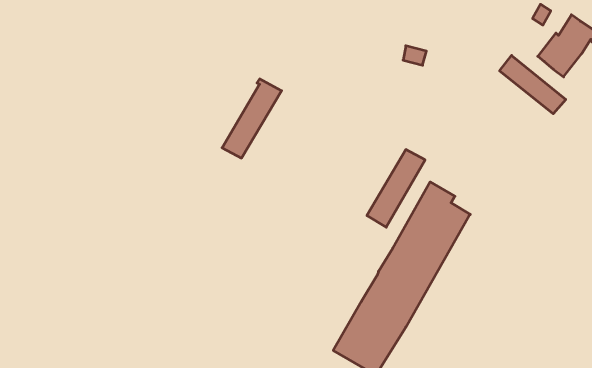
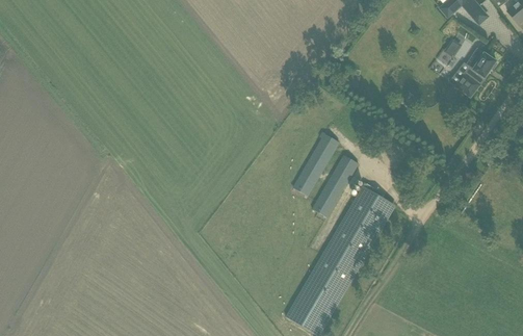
building: [500,55,566,114] -> none
building: [222,79,282,158] -> [292,132,340,196]

